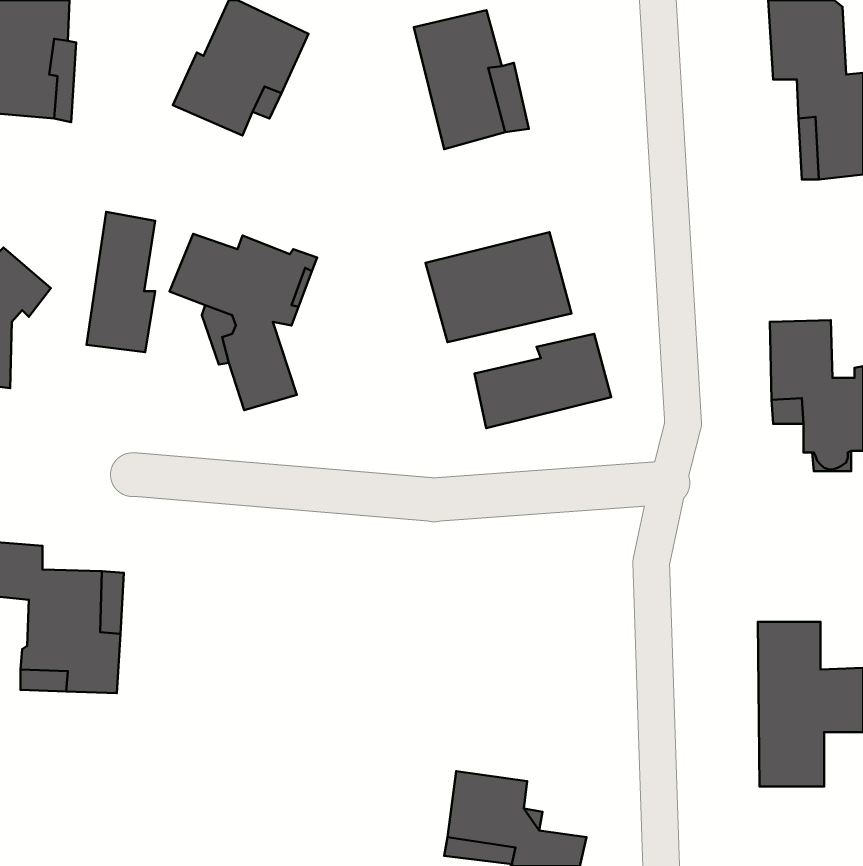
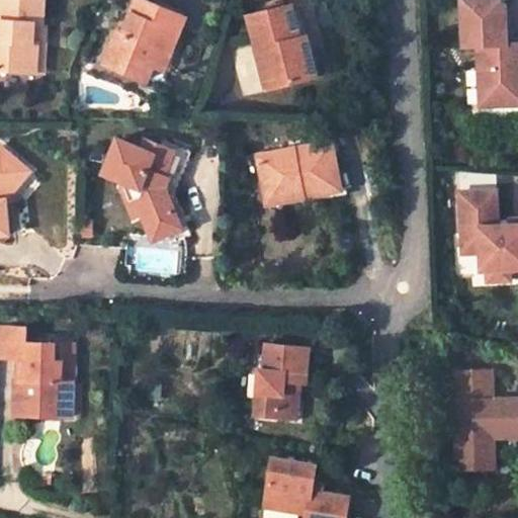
building: [86,212,155,352] -> none
building: [475,334,611,428] -> none
building: none -> [255,345,309,416]

